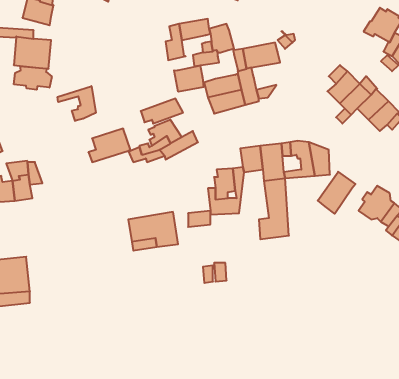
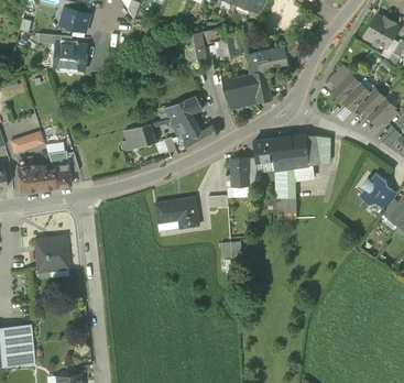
building: [174,65,204,92] -> none
building: [14,66,52,90] -> none
building: [58,86,96,121] -> none
building: [318,172,355,214] -> none

